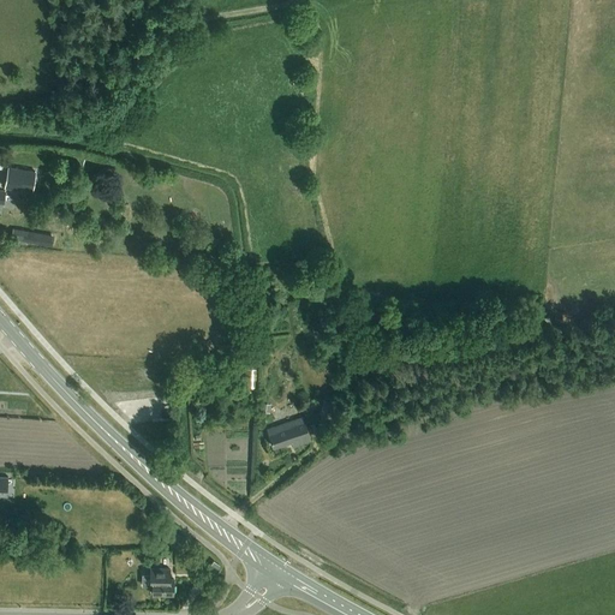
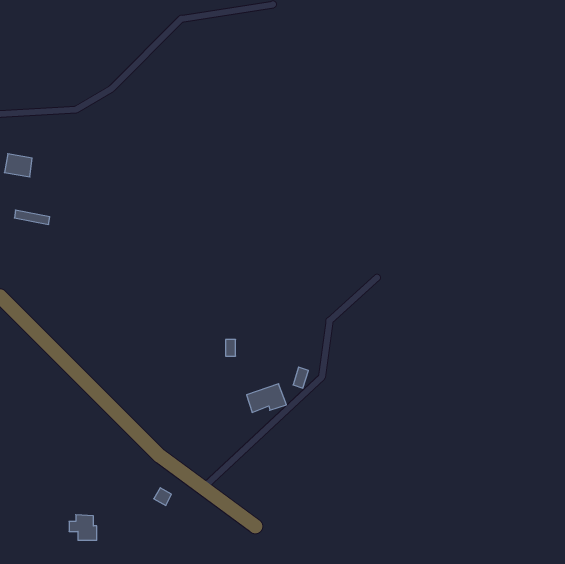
building: [143,568,173,596] -> [69,515,97,540]

